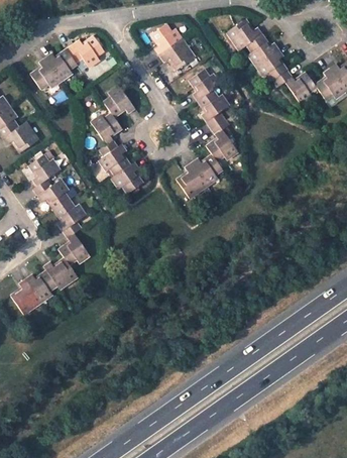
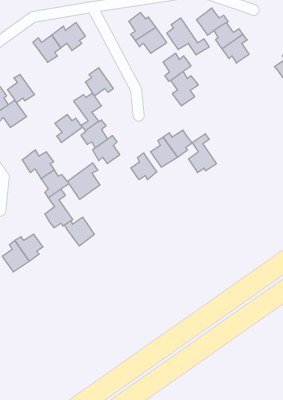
building: none -> [167,18,209,55]
building: [31,58,62,89] -> [7,74,35,102]
building: [274,70,317,103] -> none
building: [207,118,238,161] -> [188,134,216,173]
building: [29,155,60,187] -> [55,115,82,143]
building: none -> [131,153,157,180]
building: none -> [67,163,100,199]
building: [43,257,77,290] -> [65,217,94,246]

